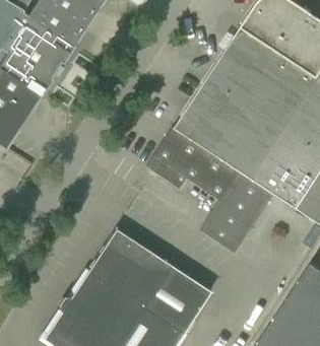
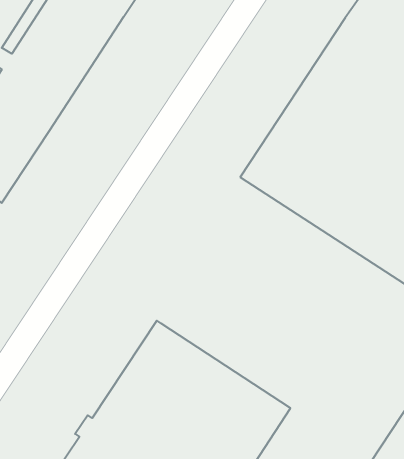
building: [145,129,273,254] -> none

